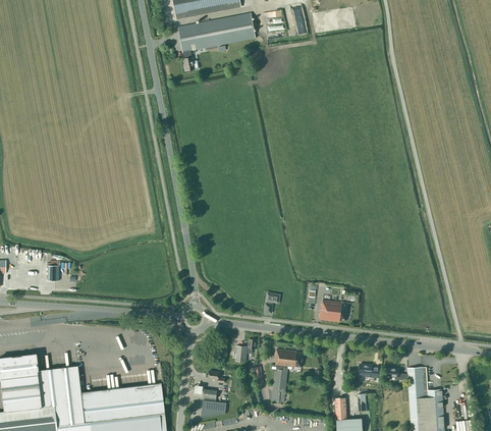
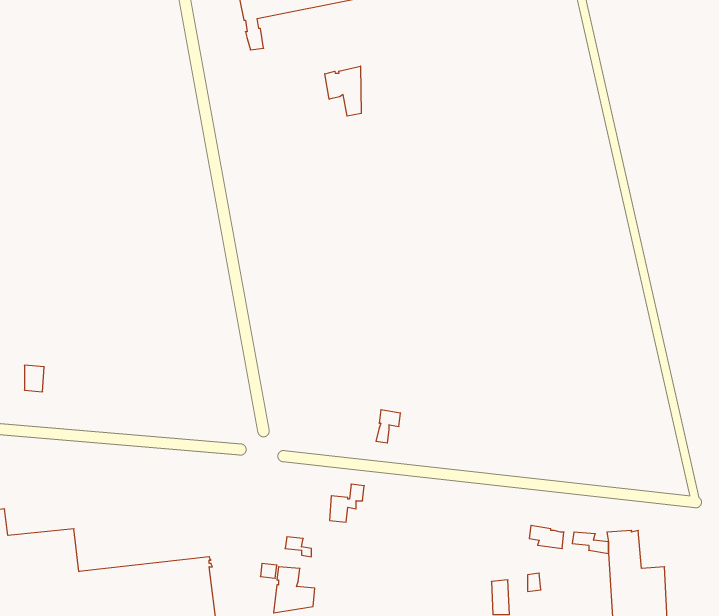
building: none -> [325,66,361,116]
building: [318,300,347,322] -> none
building: [269,348,302,402] -> none

